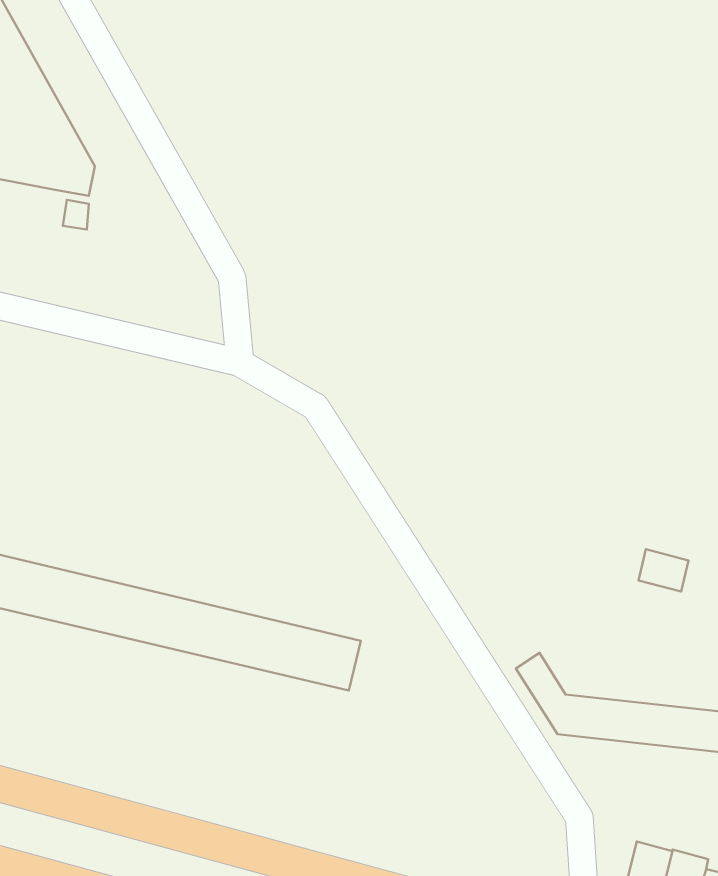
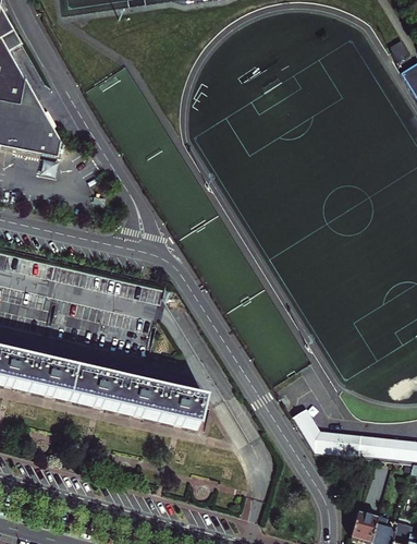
building: [639,549,689,592] -> none

